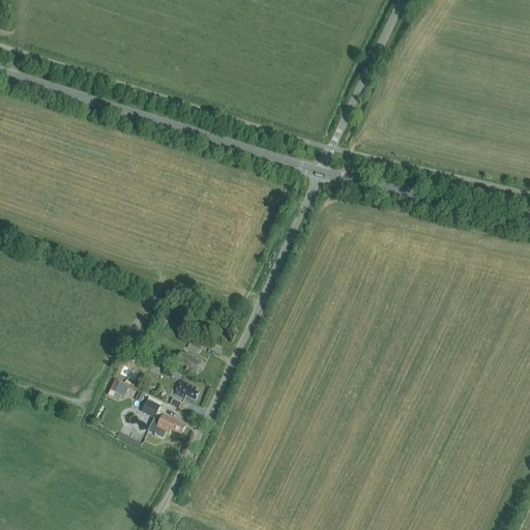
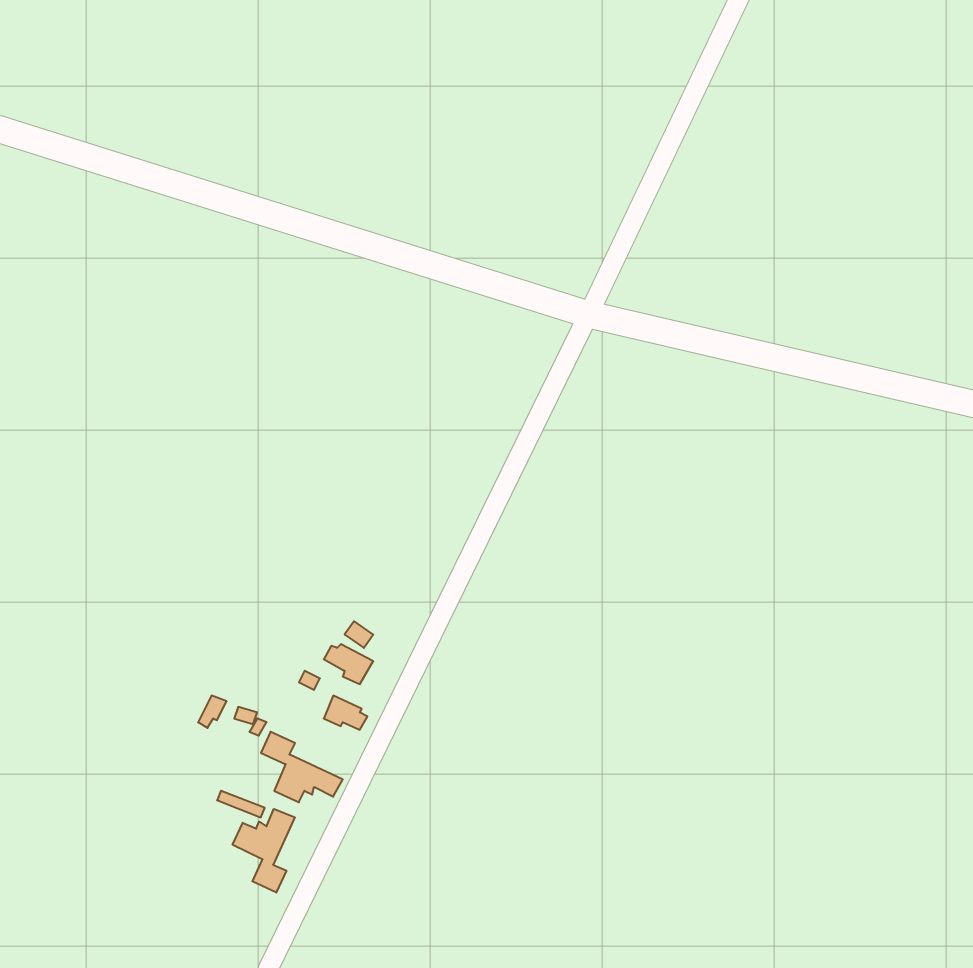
building: none -> [233,809,295,893]

